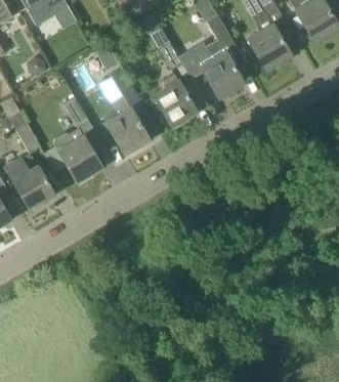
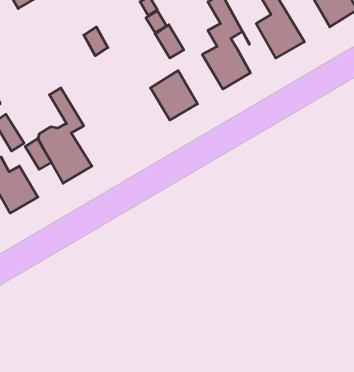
building: [98,68,149,153] -> none

